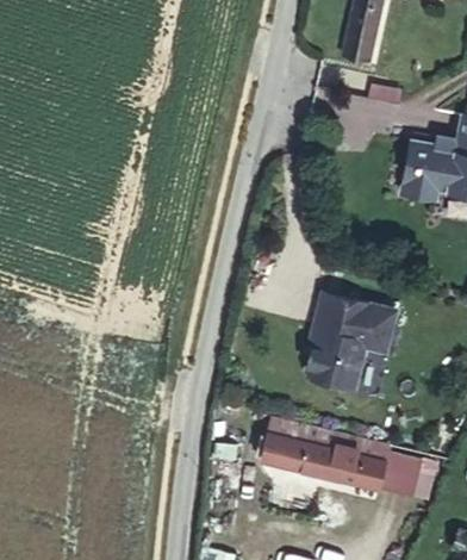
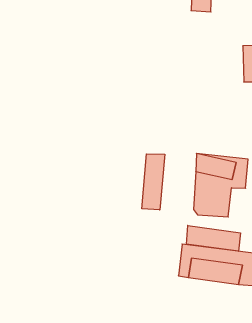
building: none -> [142,154,165,210]
building: none -> [186,225,240,251]

